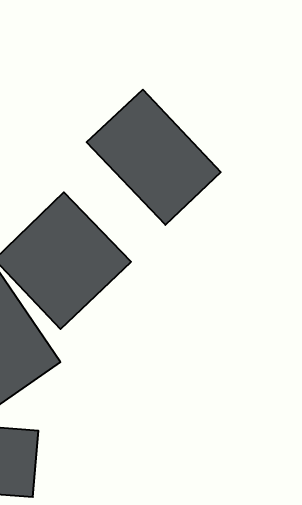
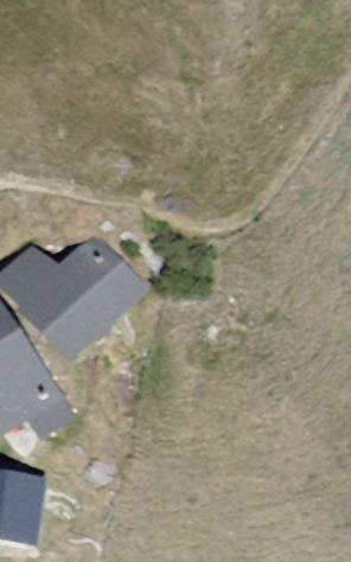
building: [87,90,221,225] -> none

